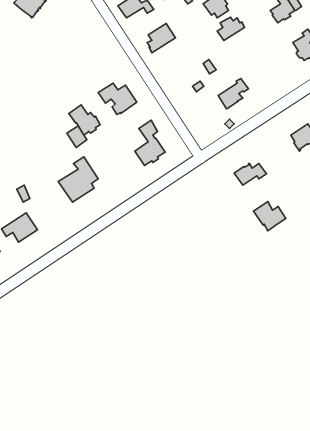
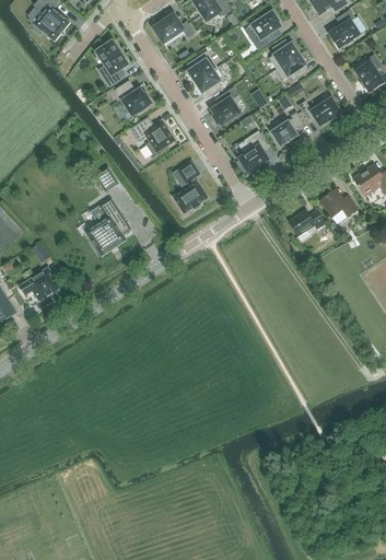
building: none -> [95,39,128,86]
building: none -> [276,52,306,81]
building: none -> [192,65,226,94]
building: none -> [211,86,239,124]
building: none -> [297,97,339,125]
building: none -> [238,131,268,172]
building: [69,105,100,135] -> [114,80,150,115]
building: [254,202,286,231] -> [319,189,356,223]

